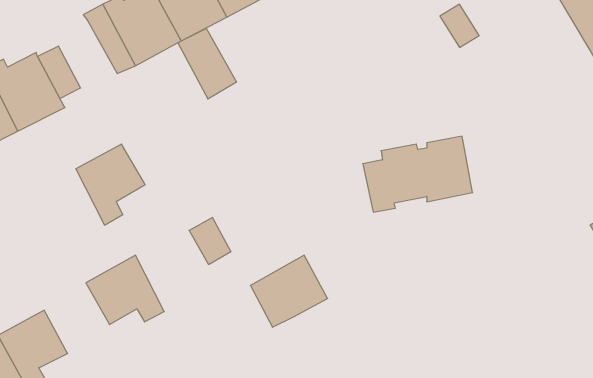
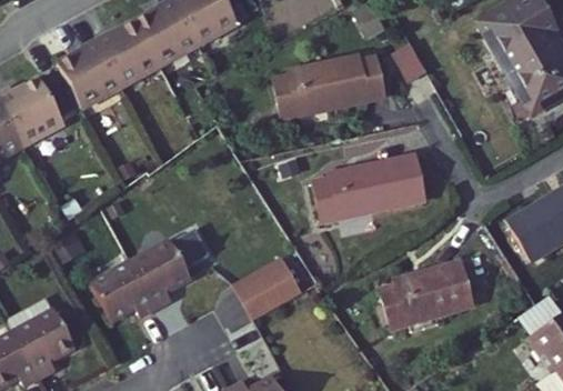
building: none -> [269,52,379,116]
building: [178,28,237,99] -> [61,56,111,116]
building: [76,144,145,225] -> [127,234,185,303]
building: none -> [371,263,461,323]

